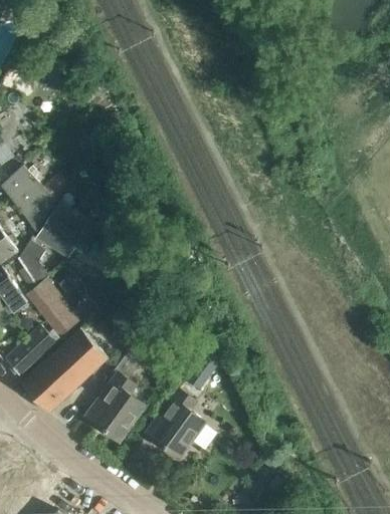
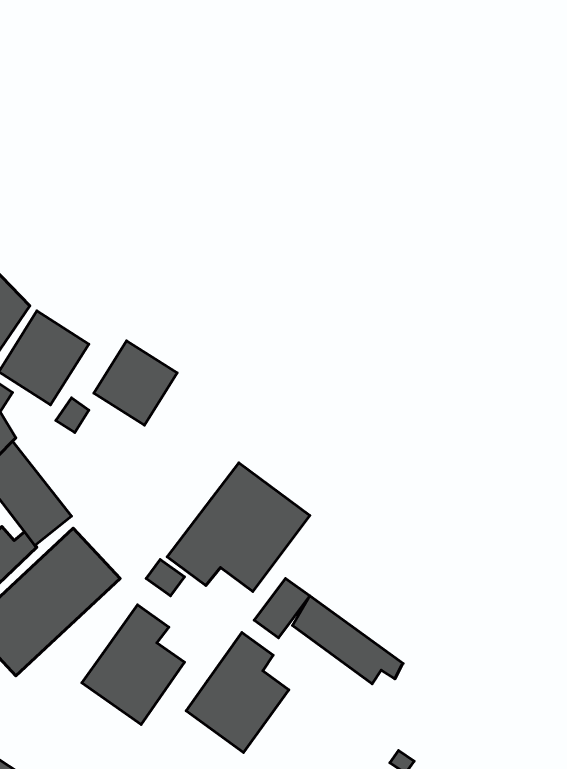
building: none -> [94,341,177,425]
building: none -> [167,463,310,591]
building: none -> [293,596,403,684]

